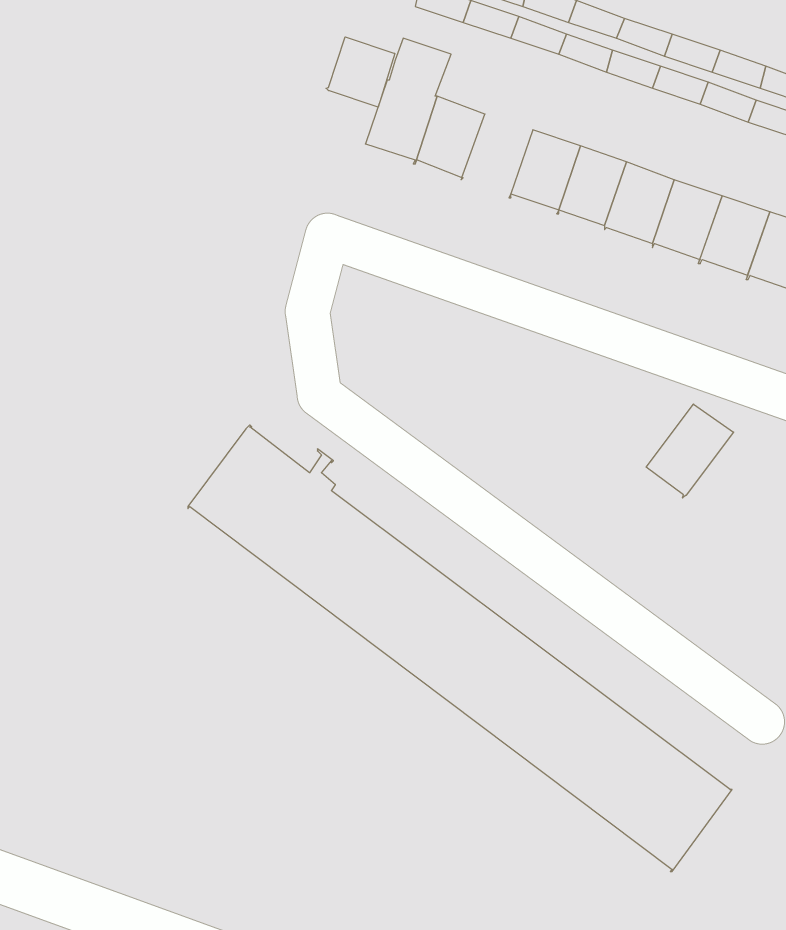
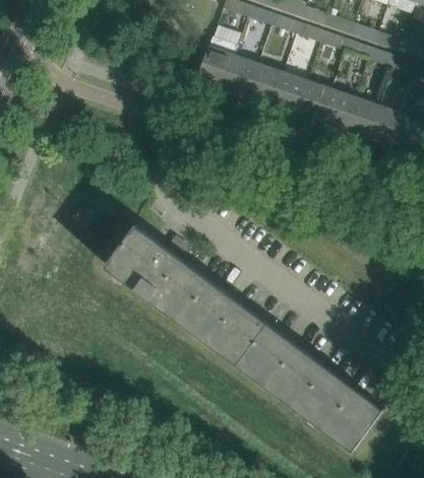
building: [326,37,395,107] -> none
building: none -> [238,61,275,101]
building: [646,404,734,498] -> none

